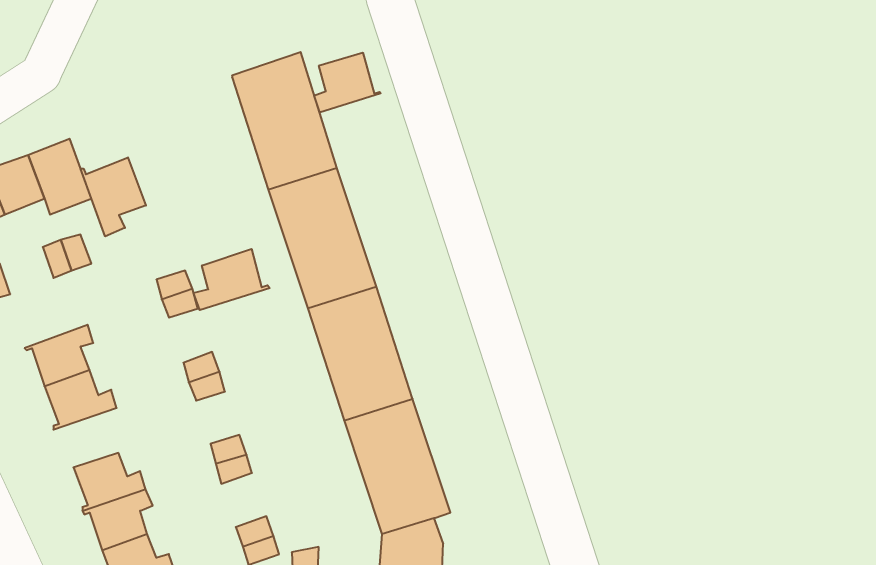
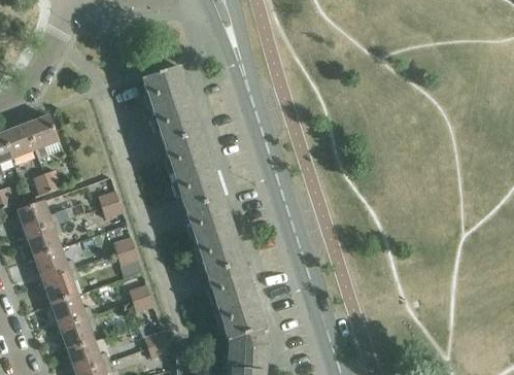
building: [314,53,381,113] -> none
building: [81,157,146,236] -> none
building: [194,249,270,310] -> none
building: none -> [18,202,59,236]
building: none -> [39,270,79,304]

